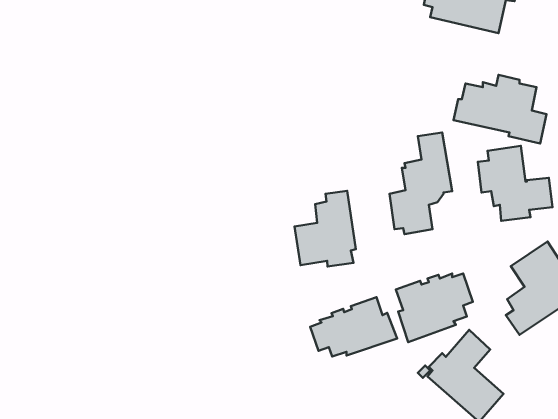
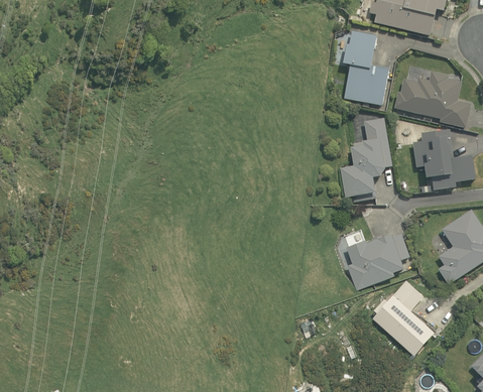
building: none -> [342,30,389,105]
building: [295,191,356,266] -> none
building: [310,297,397,357] -> none

